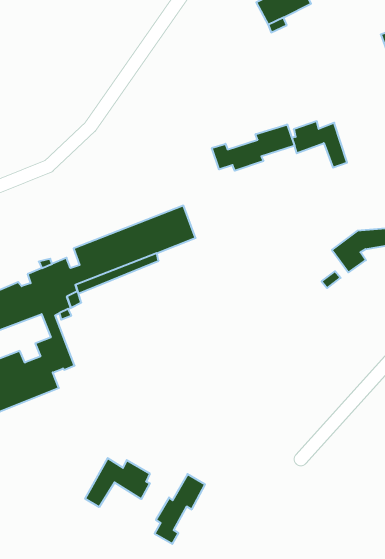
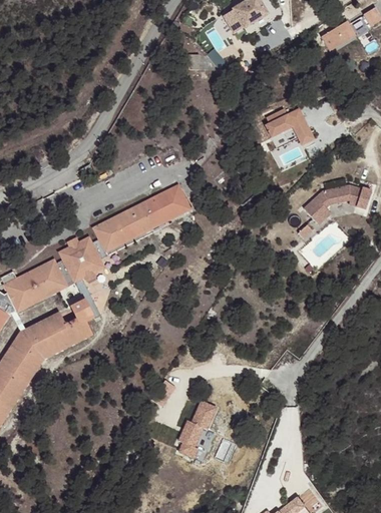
building: [212,124,294,171] -> none
building: [85,458,150,507] -> none

